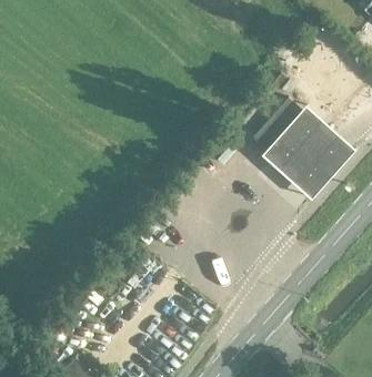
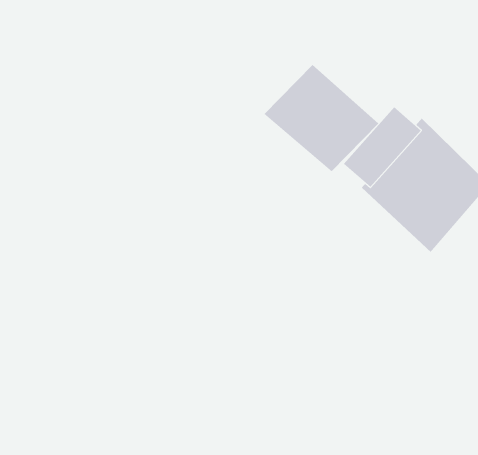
building: none -> [264,64,379,172]

